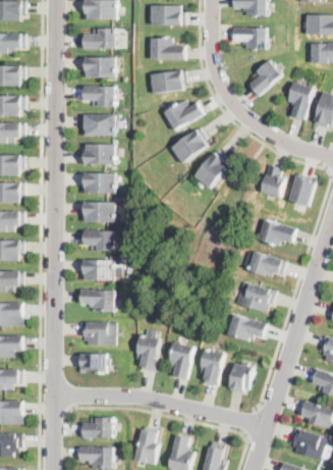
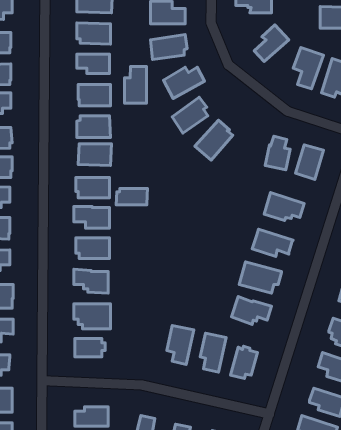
building: none -> [124,66,147,103]
building: none -> [116,188,147,205]
building: [134,335,159,372] -> none

